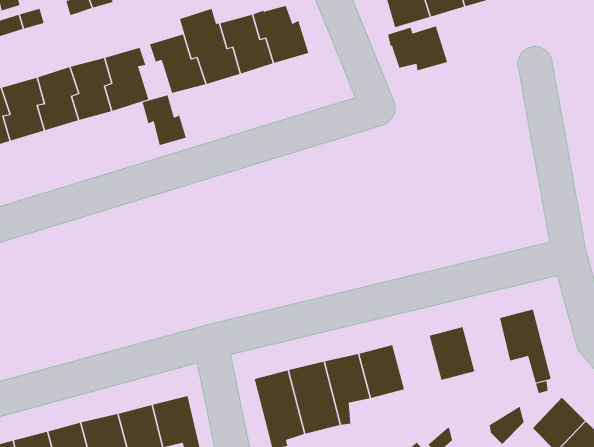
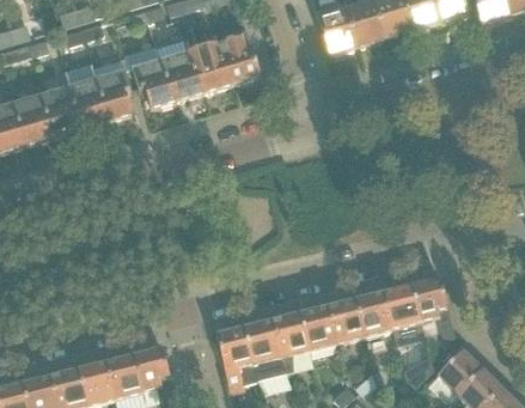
building: [387,25,448,71] -> none
building: [142,95,187,146] -> none
building: none -> [383,285,425,343]
building: none -> [326,299,365,342]

